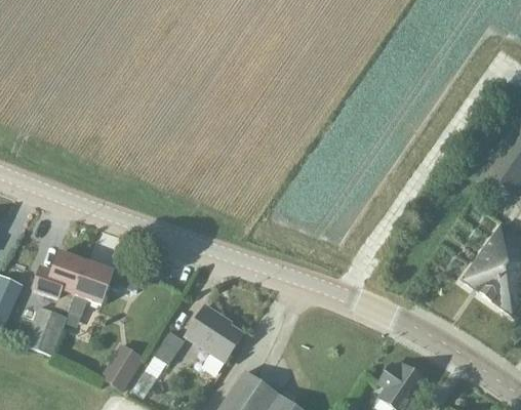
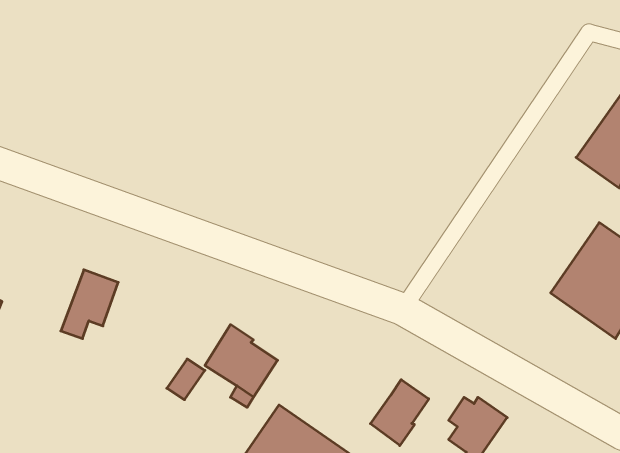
building: [32,249,87,310] -> none
building: [25,305,68,355] -> none
building: [99,342,145,393] -> none
building: none -> [370,380,429,446]

